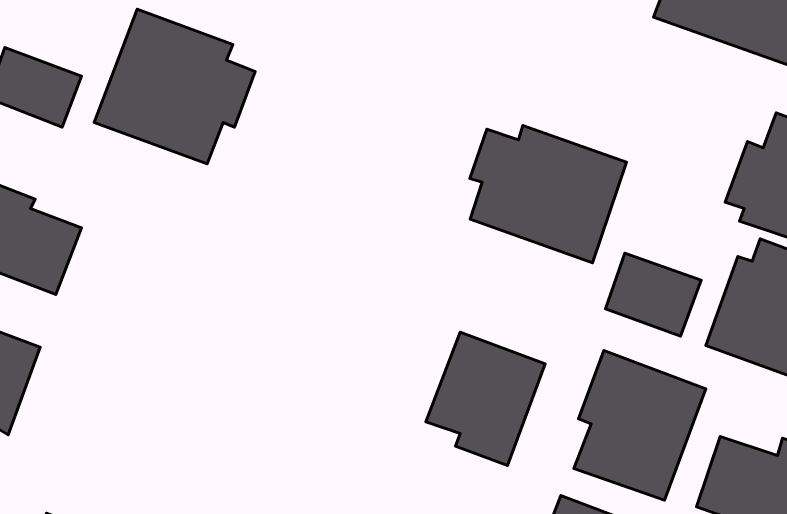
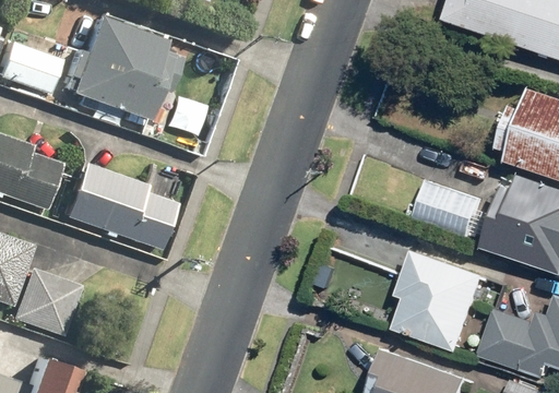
building: [470,125,626,263] -> none
building: none -> [59,166,170,253]
building: [426,332,545,466] -> none
building: none -> [7,266,76,336]

